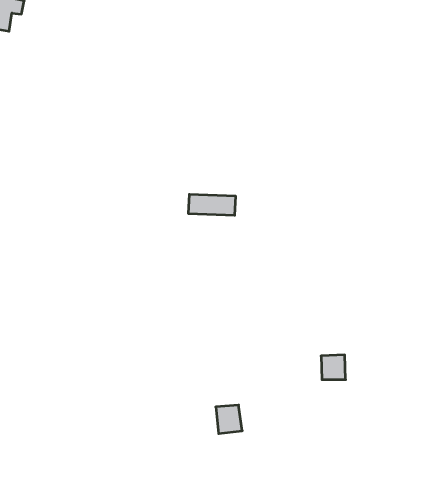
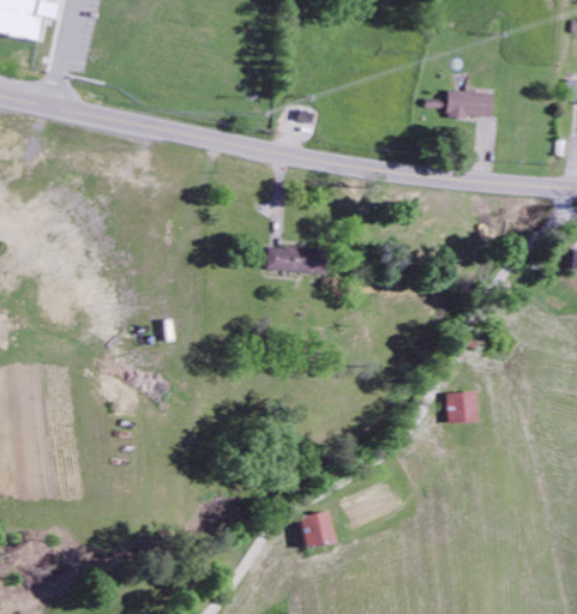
building: none -> [445,89,492,119]
building: [321,355,346,380] -> [446,391,477,422]

